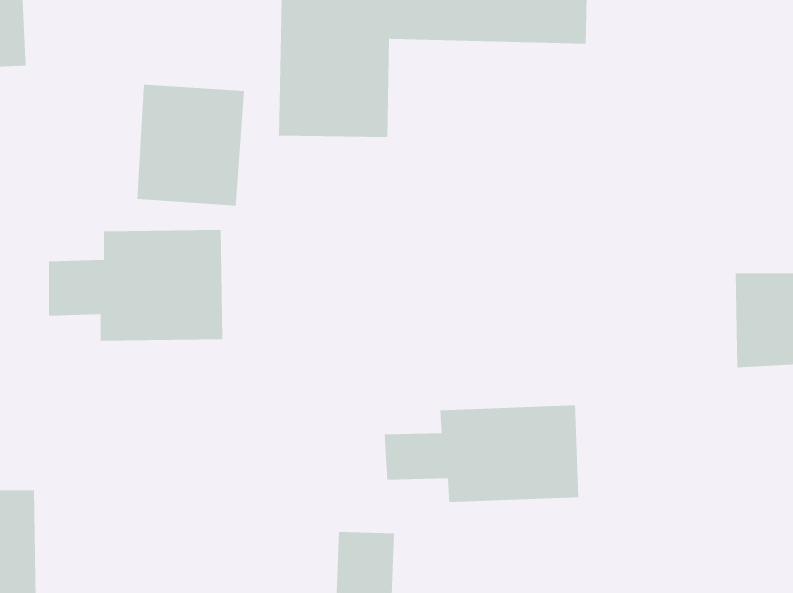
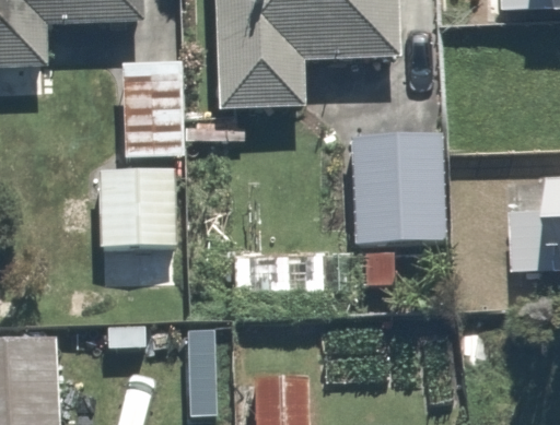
building: none -> [345,130,455,248]
building: [384,405,579,503] -> none

